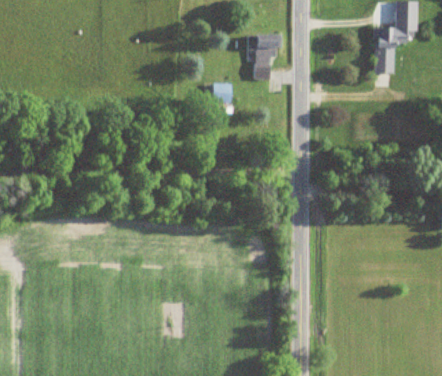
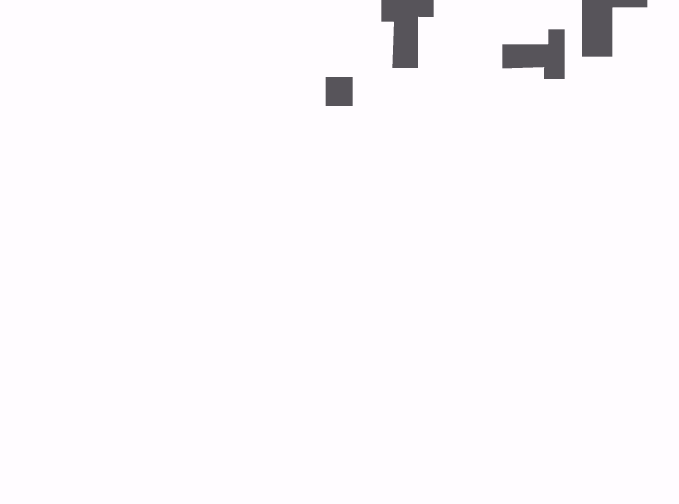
building: none -> [502,28,565,80]

